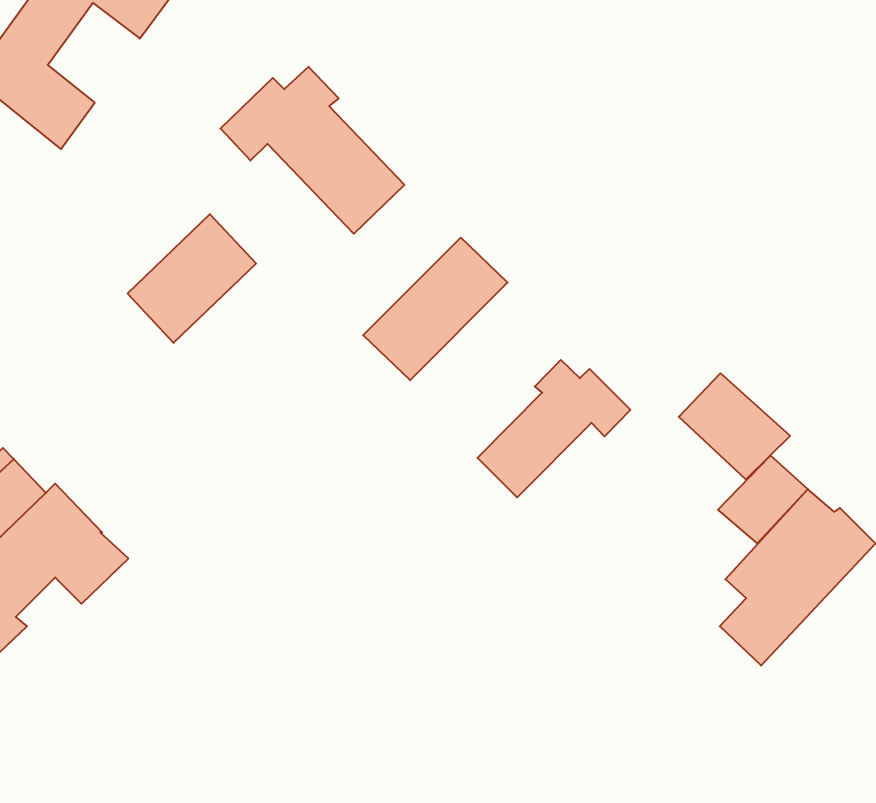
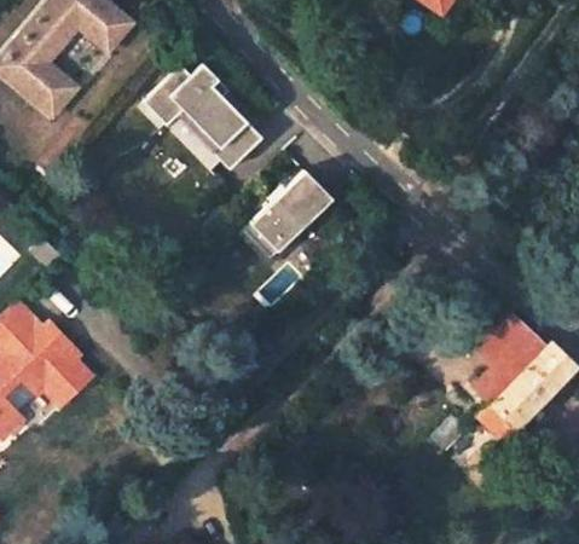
building: [128,214,256,343] -> none
building: [477,360,630,497] -> none
building: [679,373,790,479] -> none

